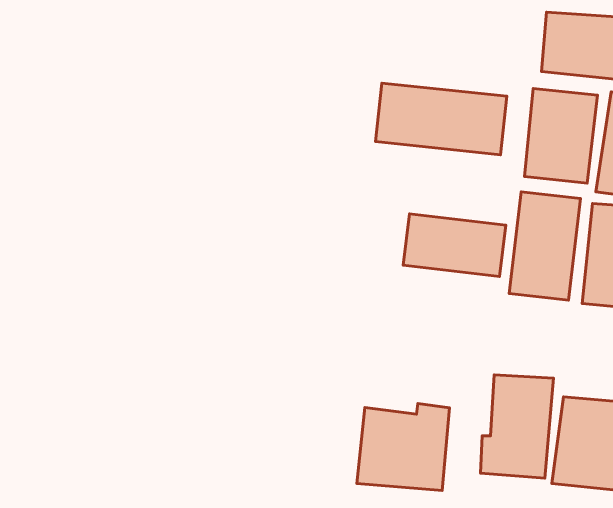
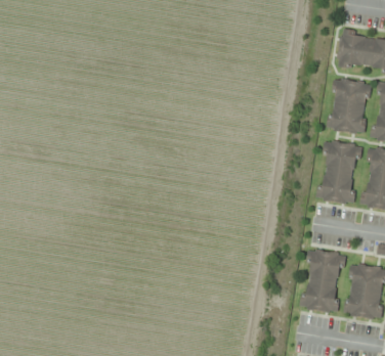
building: [376,83,507,155] -> none
building: [403,214,506,277] -> none
building: [357,403,449,491] -> none

